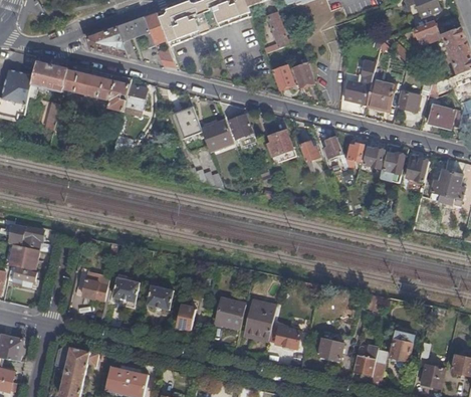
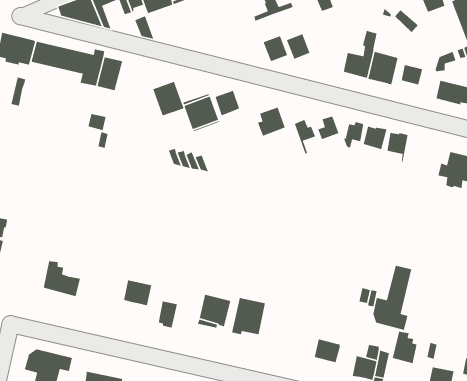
building: [406,158,429,181] -> none
building: none -> [373,265,412,331]
building: [112,277,139,306] -> none
building: [275,325,301,348] -> none

